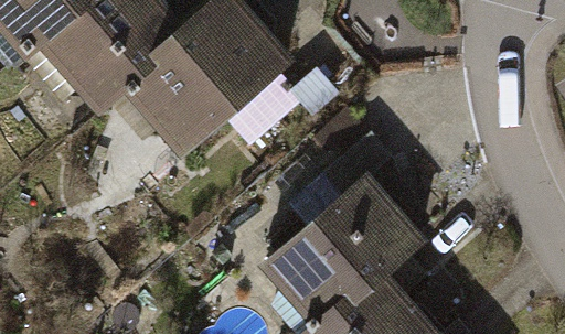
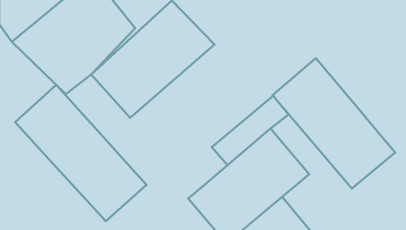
building: none -> [273,58,395,189]
building: none -> [15,85,146,221]

